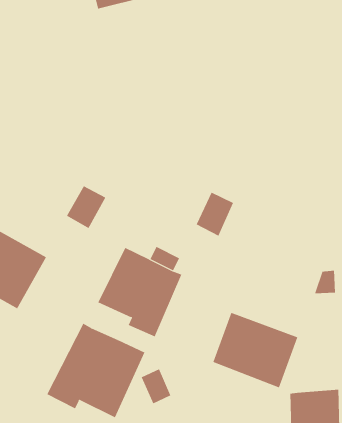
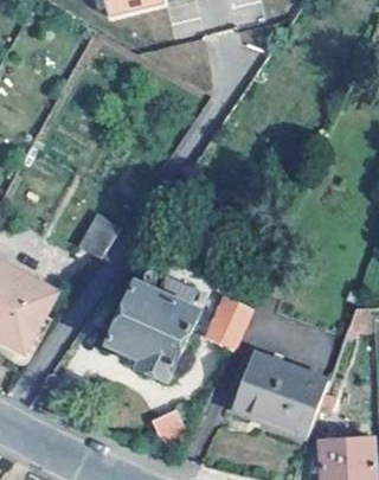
building: [196,192,234,236] -> [208,299,250,347]
building: [47,323,145,418] -> none

